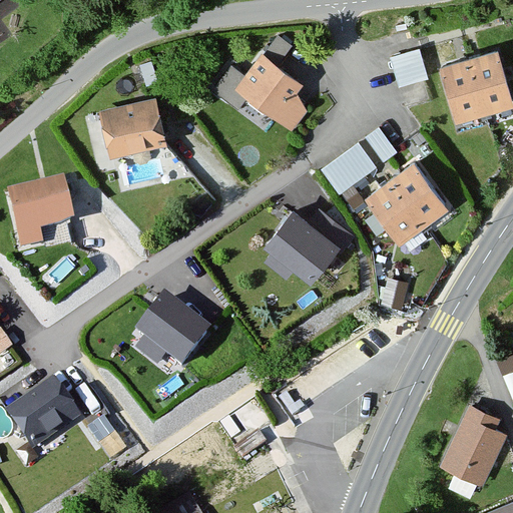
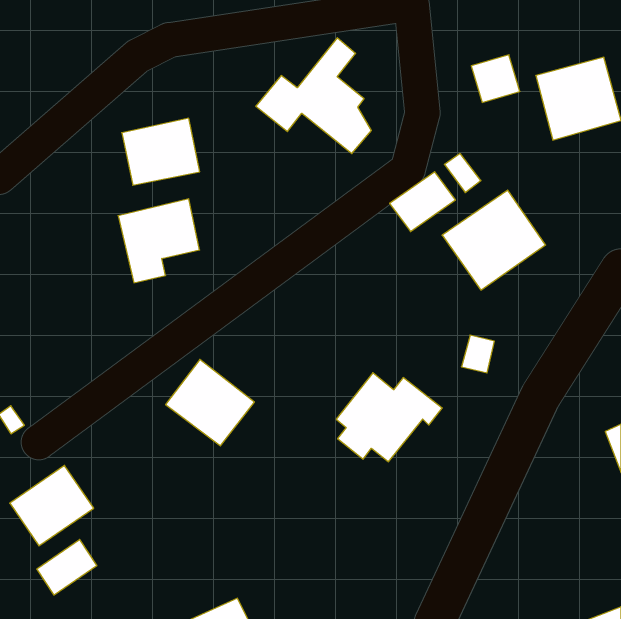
building: [5,182,72,251] -> [118,199,200,283]
building: [264,207,351,281] -> [336,373,442,462]
building: [441,405,504,485] -> none
building: none -> [37,539,97,595]

